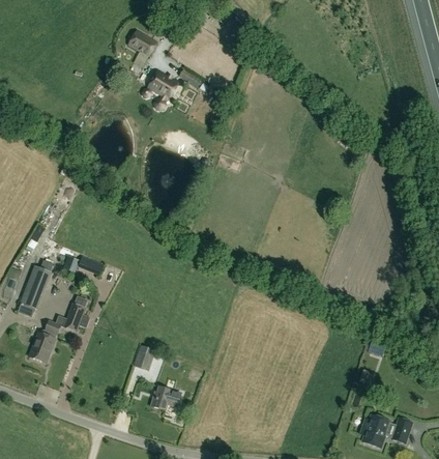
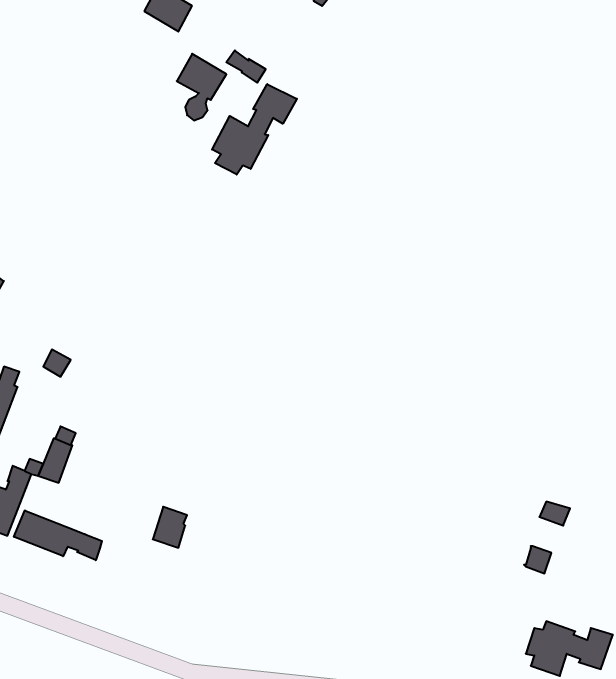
building: none -> [212,84,297,175]
building: none -> [14,510,102,560]
building: [150,386,181,410] -> none

